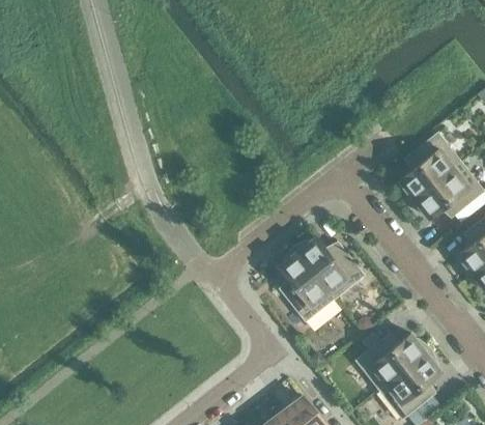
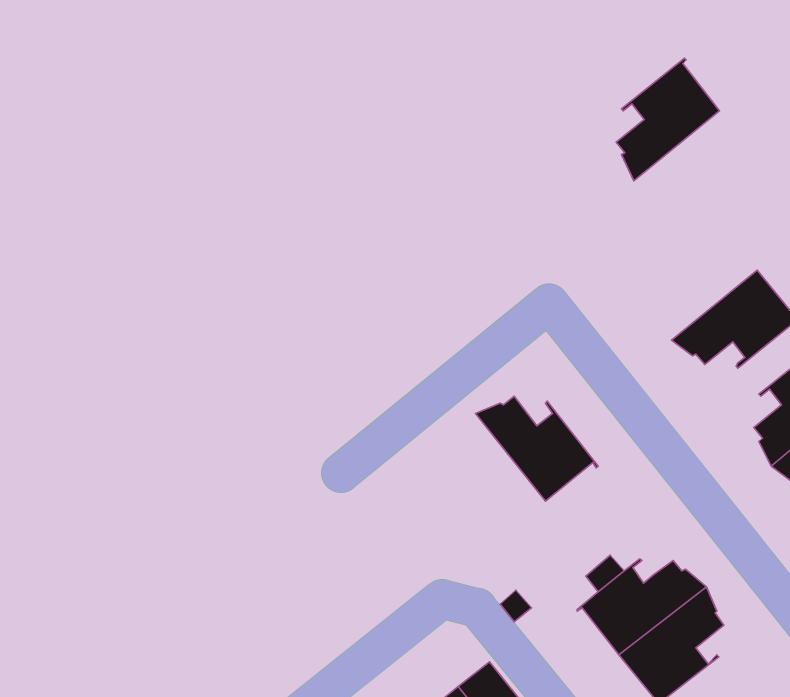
building: [400,131,461,203] -> [616,58,719,181]
building: [278,247,336,323] -> none

